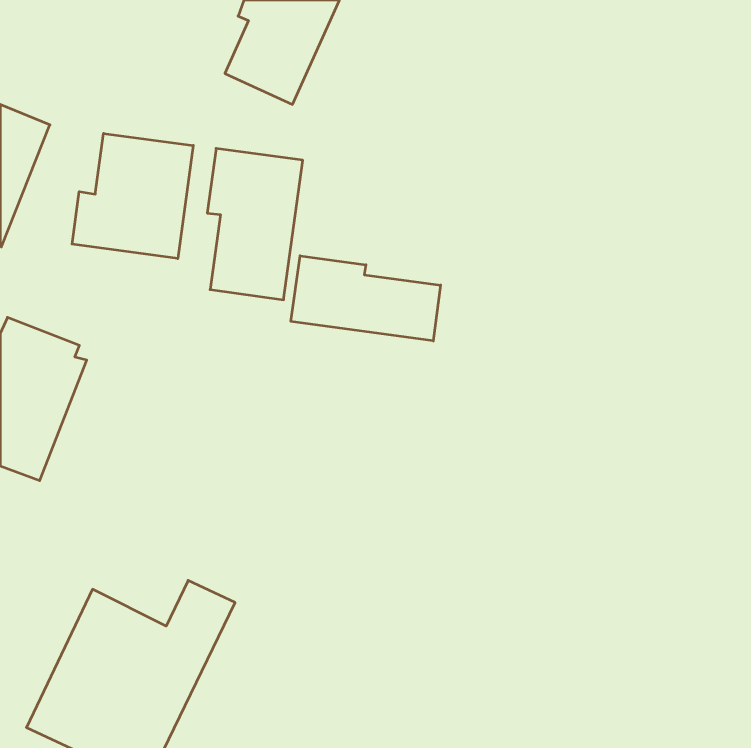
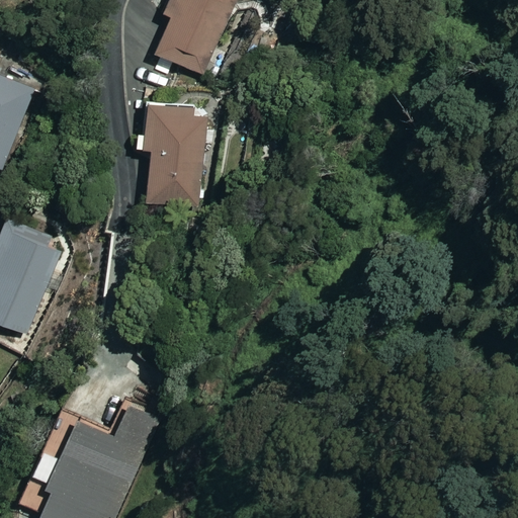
building: [72,133,193,259] -> none
building: [291,256,441,341] -> none

